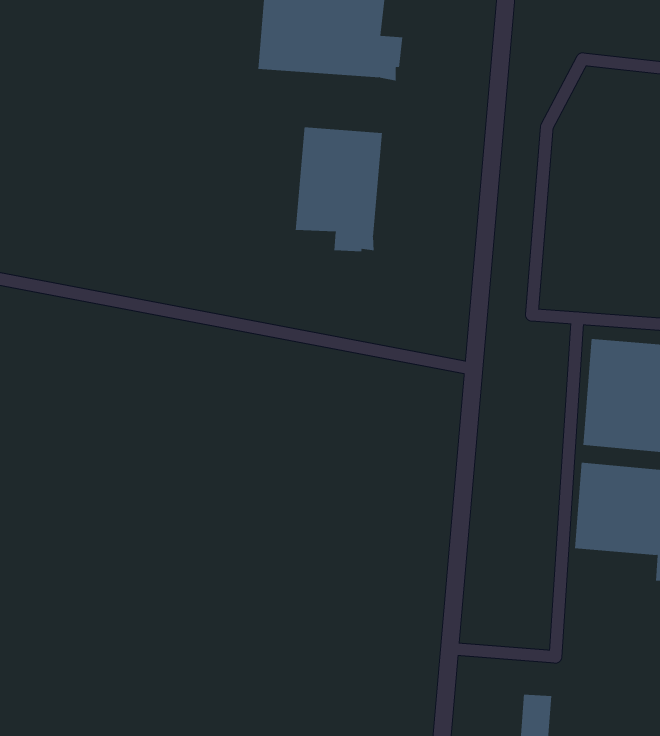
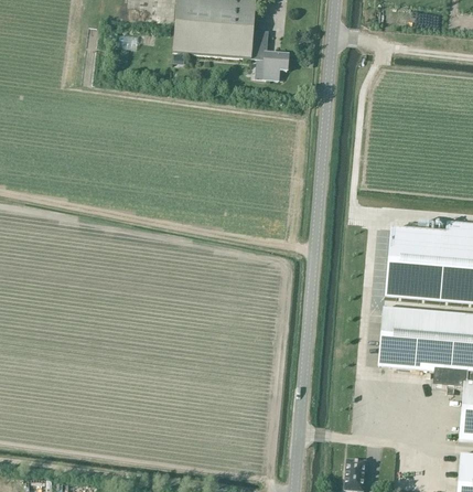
building: none -> [264,49,290,76]
building: [295,126,383,252] -> none

